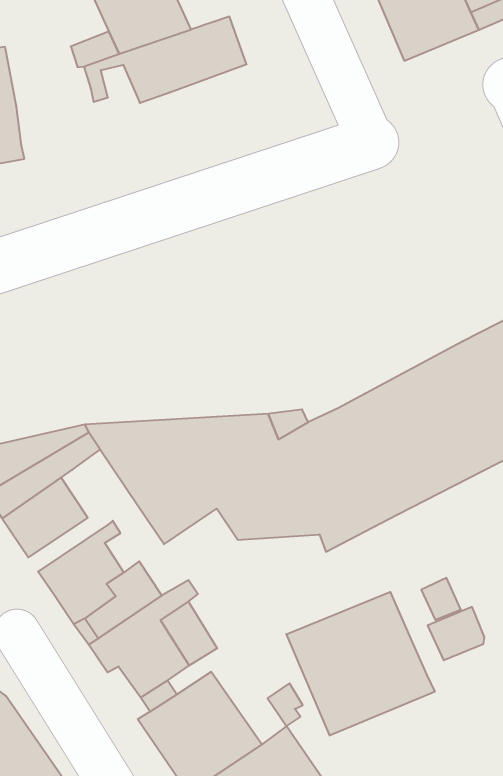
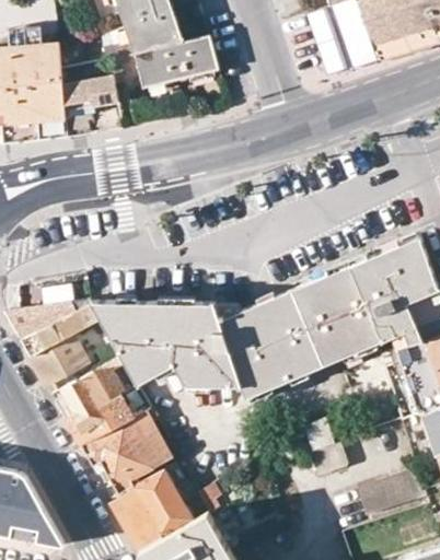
building: none -> [65,78,119,112]
building: [286,592,435,736] -> none

